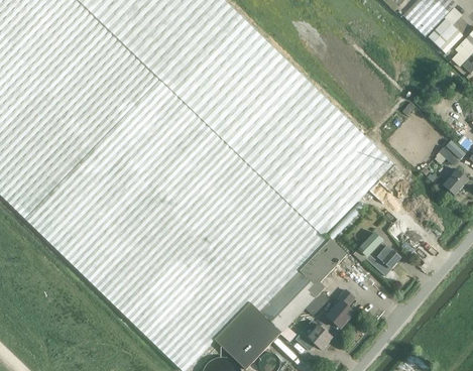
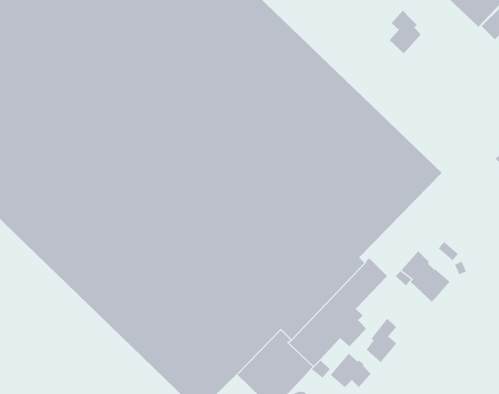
building: none -> [389,10,421,54]

